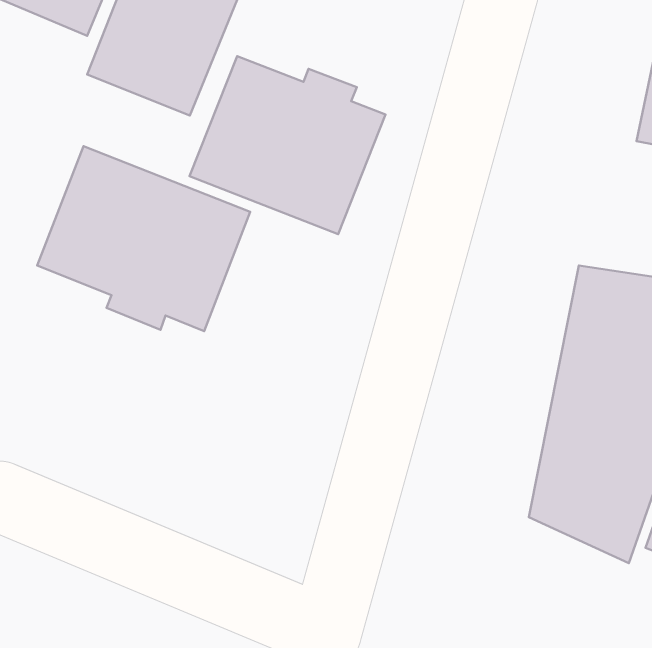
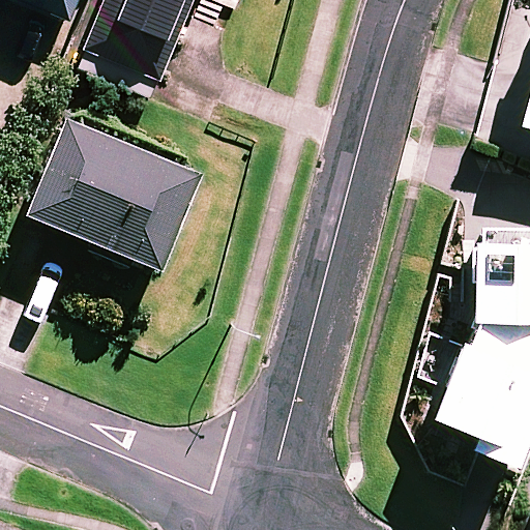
building: [189,56,386,234] -> none

